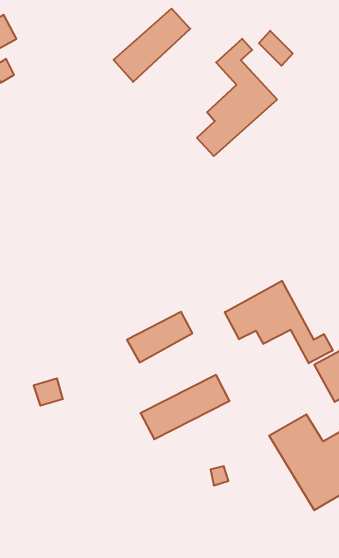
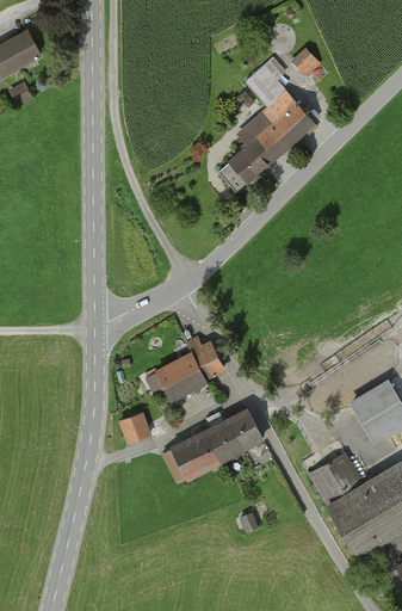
building: [114,9,190,82] -> none
building: [225,281,333,363] -> none
building: [34,379,63,406] -> [119,414,150,443]

